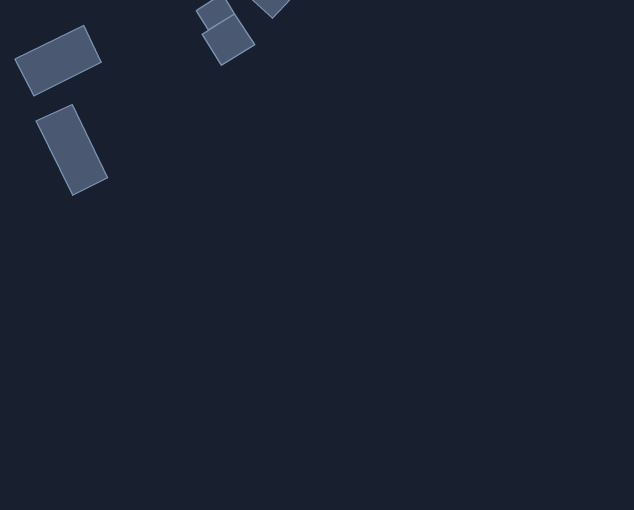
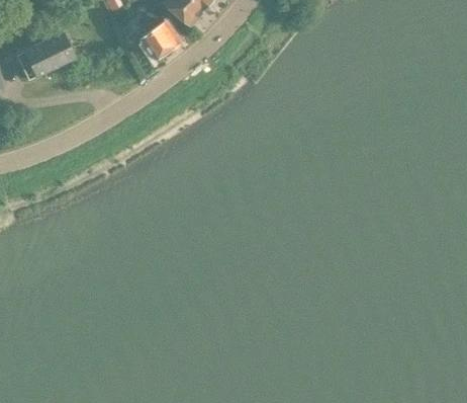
building: [36,105,107,195] -> none

